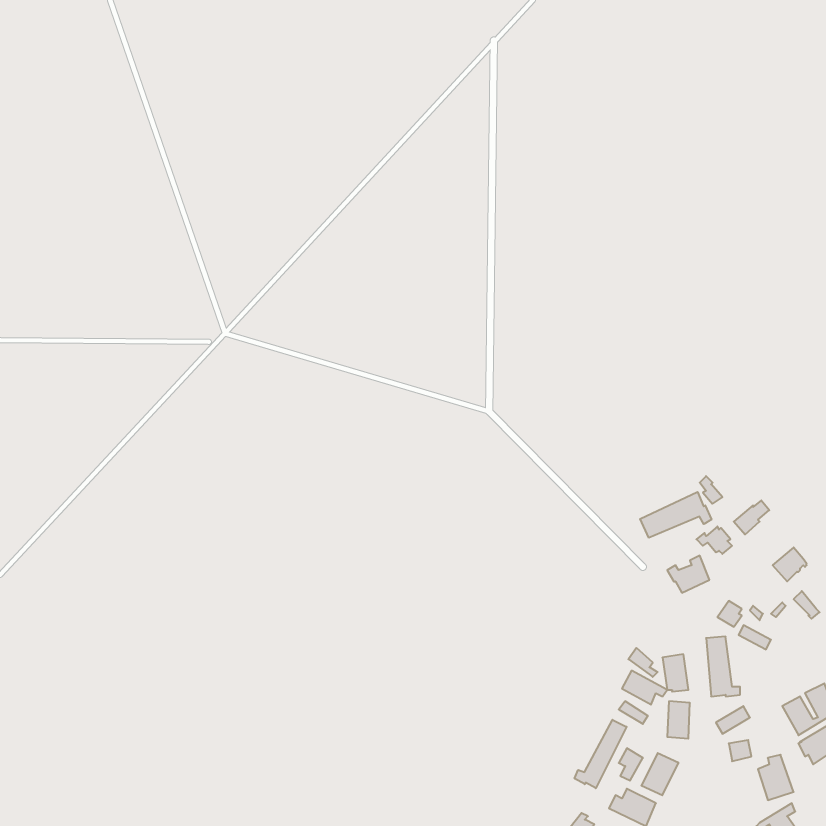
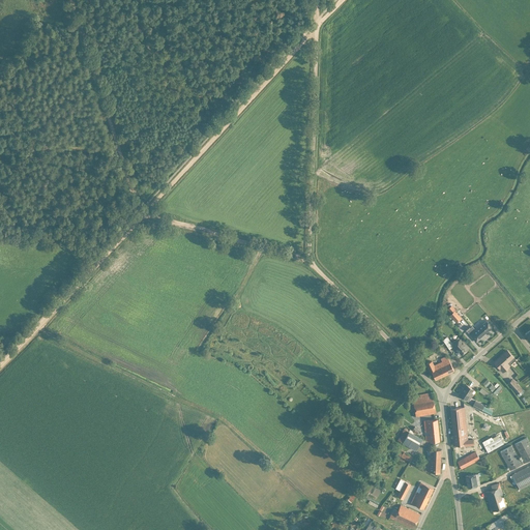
building: [640,492,711,538] -> none
building: none -> [410,393,437,417]
building: [575,720,627,788] -> none

